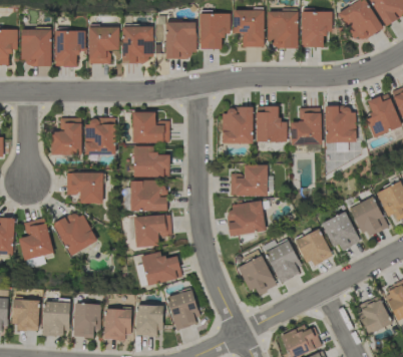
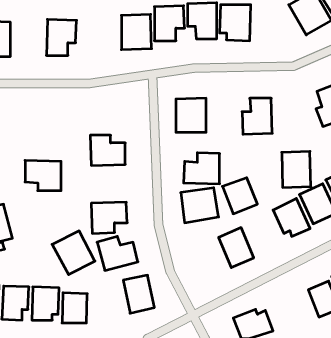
building: [301,12,332,47] -> none
building: [121,27,154,64] -> none
building: [54,31,85,67] -> none
building: [256,106,287,142] -> none
building: [325,106,355,143] -> [282,151,311,187]
building: [132,112,169,143] -> none
building: [51,118,81,155] -> none
building: [85,118,116,155] -> none
building: [130,181,166,212] -> none
building: [53,211,97,256] -> [52,231,95,275]
building: [295,230,331,267] -> [222,178,257,214]
building: [239,257,275,294] -> none
building: [135,306,162,337] -> none

